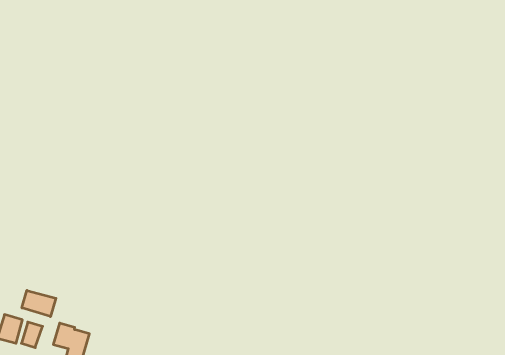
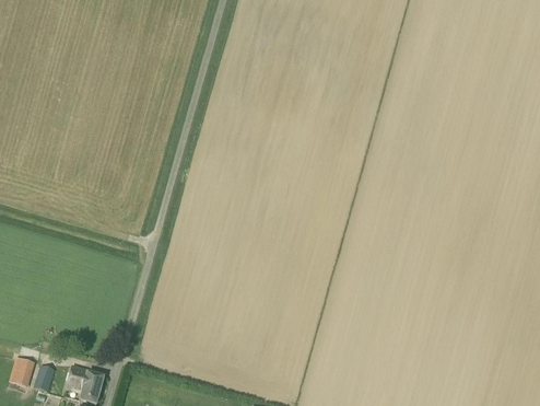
building: [22,290,56,317] -> none

